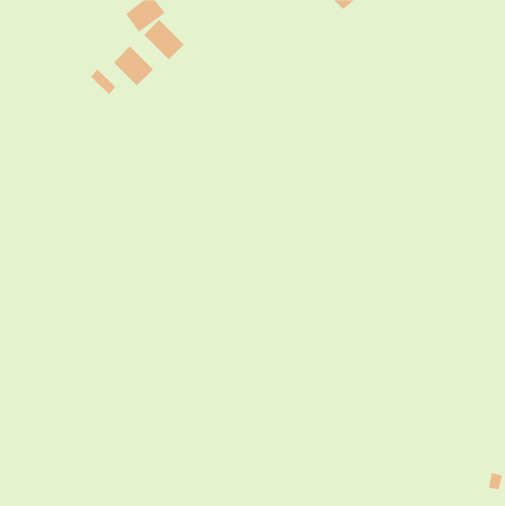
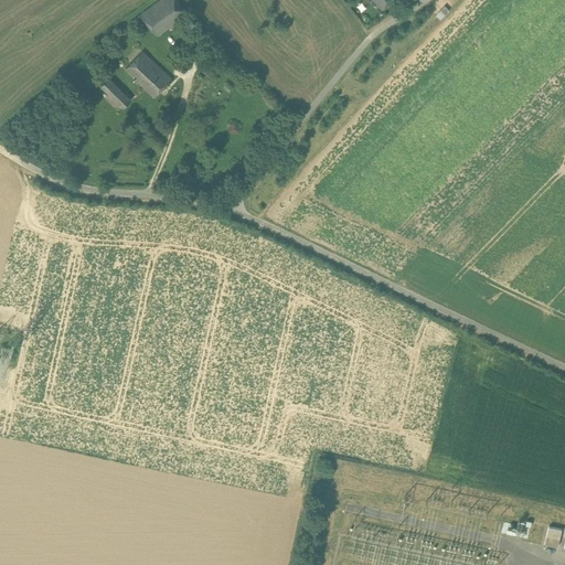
building: [143,19,184,60] -> none

